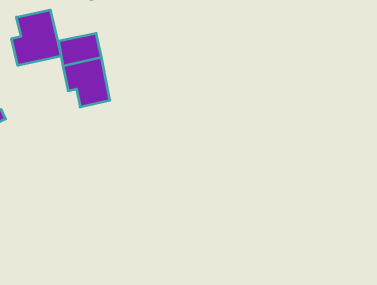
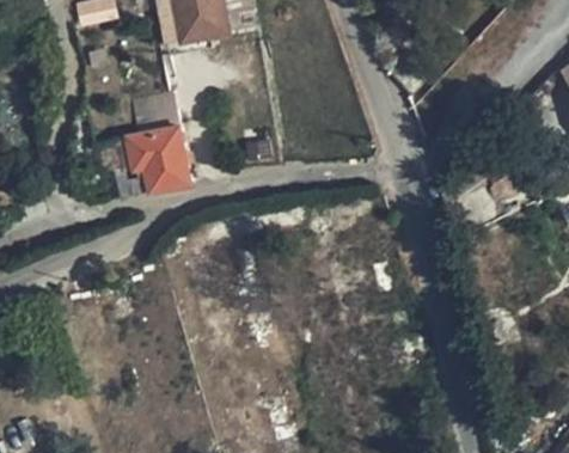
building: [12,10,61,65] -> none

